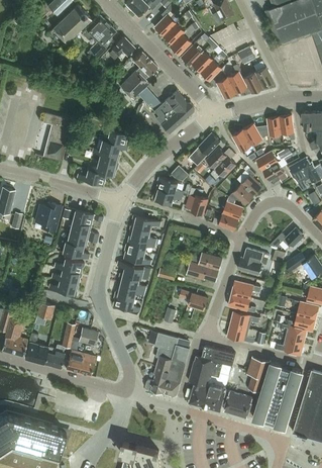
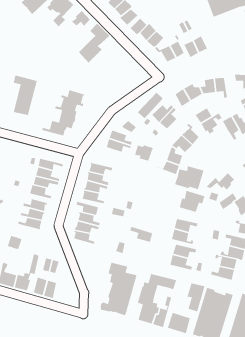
building: [137,86,194,132] -> none
building: [36,203,62,231] -> none
building: [187,252,222,281] -> [174,165,205,190]

